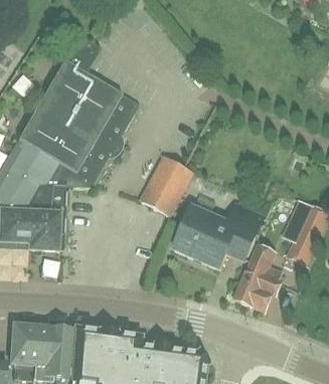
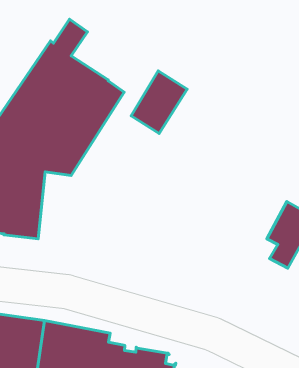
building: [141,155,193,215] -> [131,71,187,133]
building: [174,203,265,268] -> none
building: [235,244,284,312] -> none

